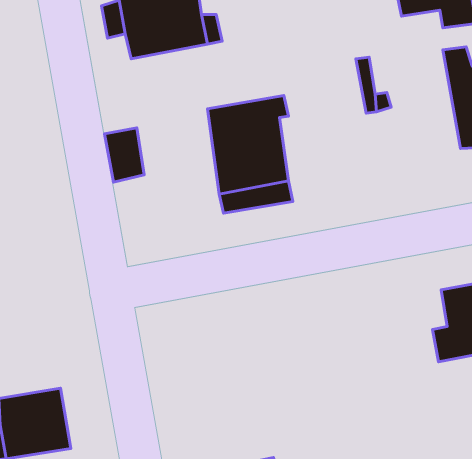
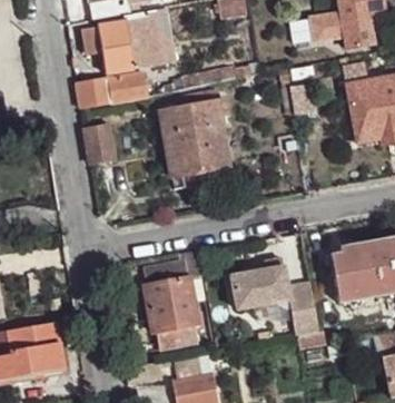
building: none -> [78,73,149,110]
building: none -> [145,263,201,354]
building: none -> [229,267,315,337]

